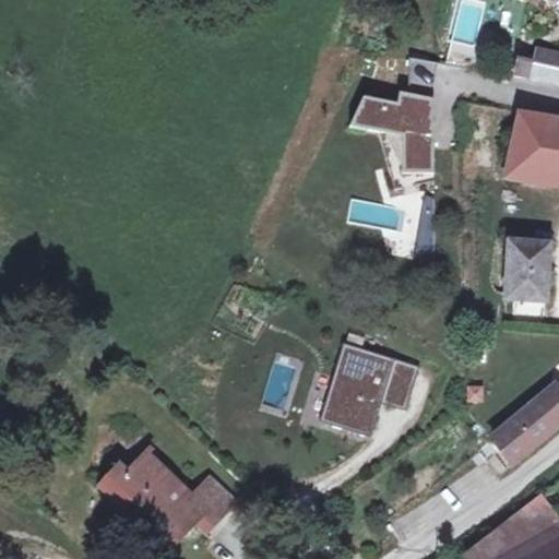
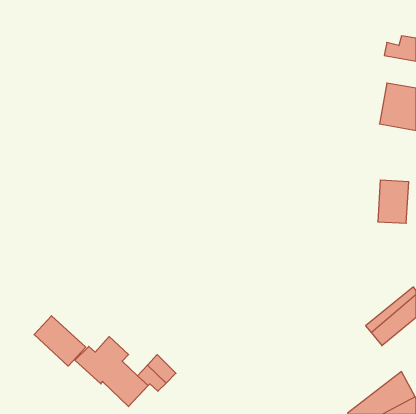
building: [356,94,432,168] -> none
building: [325,347,414,428] -> none
building: none -> [34,316,86,366]

